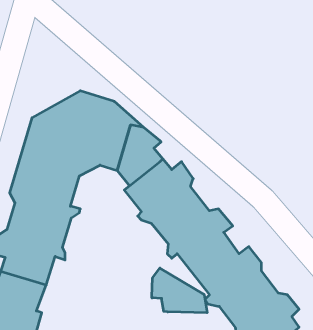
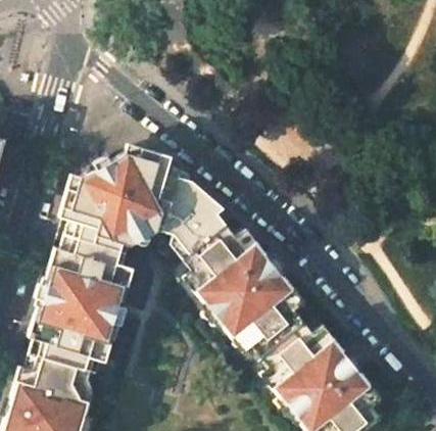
building: [152,268,207,313] -> none

